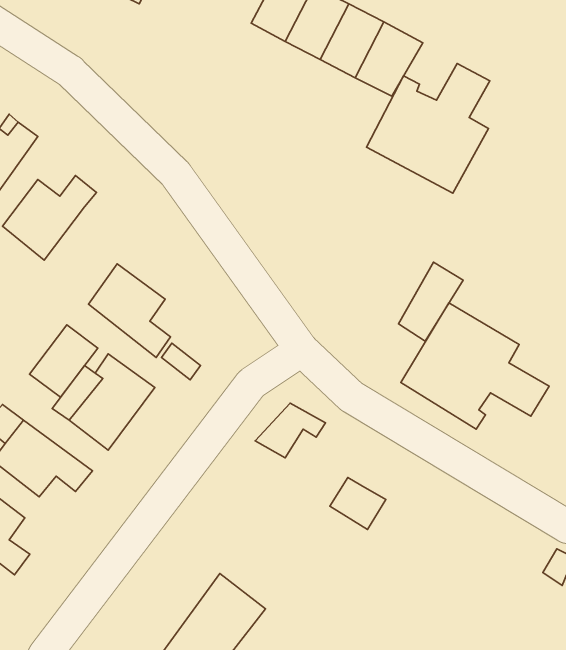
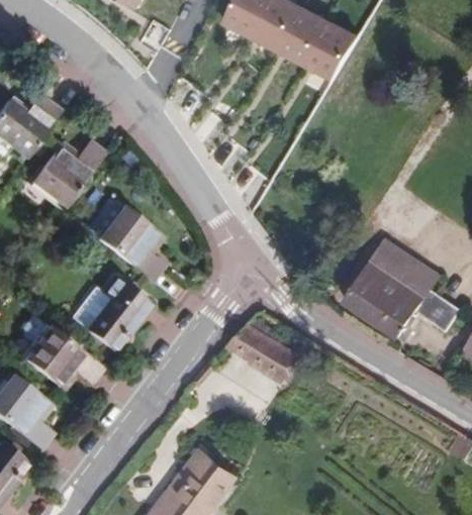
building: [367,64,490,193] -> none
building: [398,262,463,341] -> none
building: [30,325,98,397] -> none
building: [330,477,386,530] -> [253,336,296,377]

